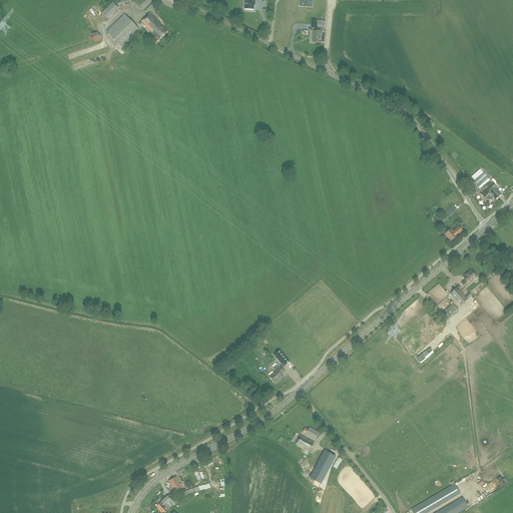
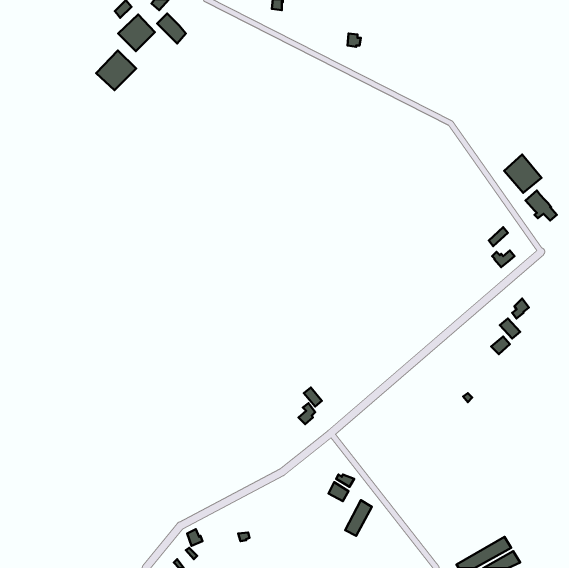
building: none -> [96,50,136,90]
building: none -> [504,155,541,193]

